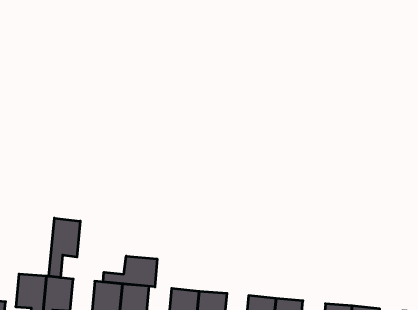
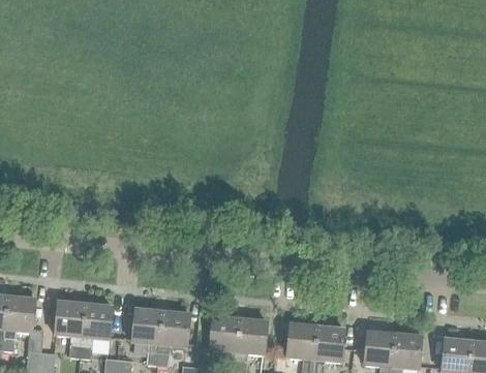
building: [49,218,80,278] -> none
building: [103,256,157,287] -> none

